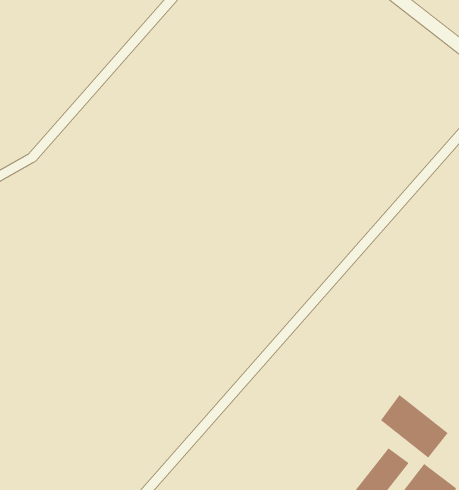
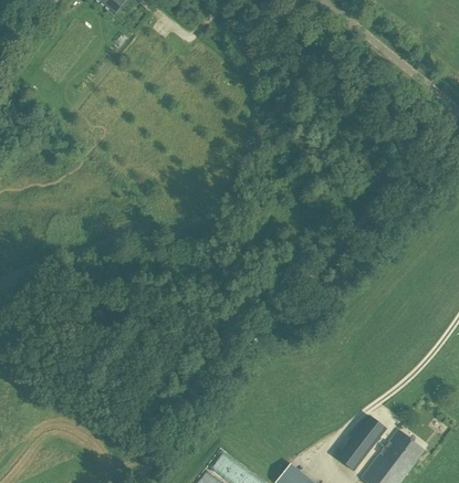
building: [380,394,449,459] -> none

